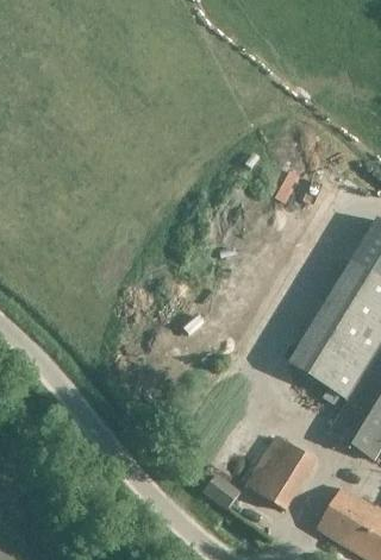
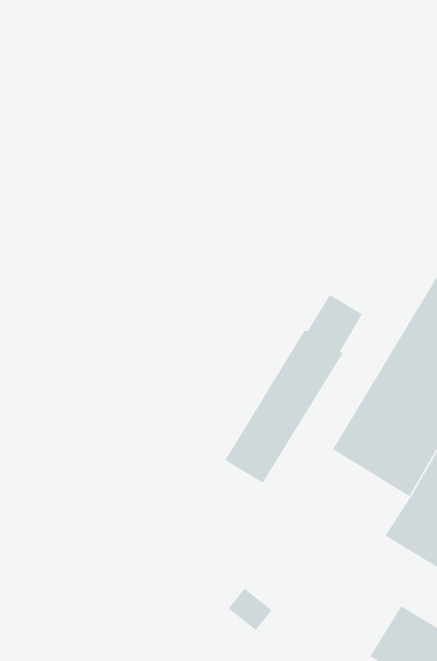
building: none -> [224,294,363,484]
building: [245,435,316,509] -> none

